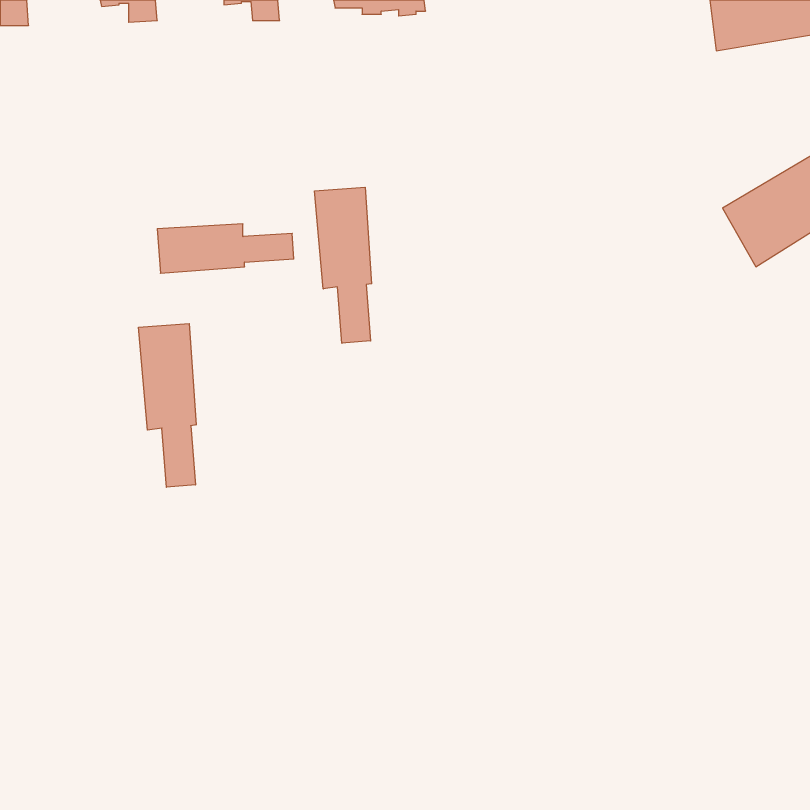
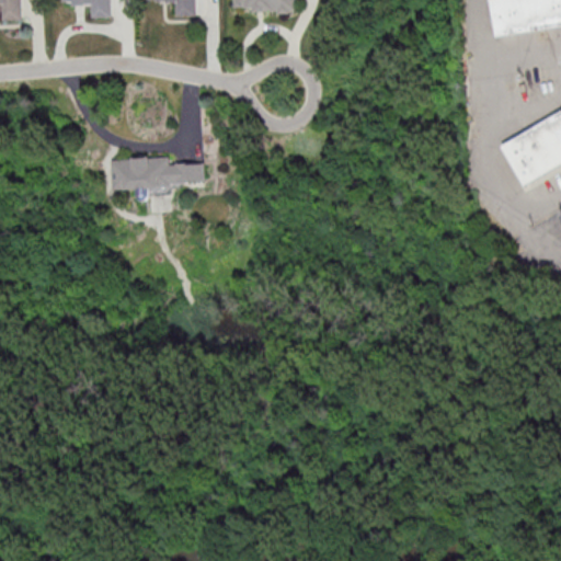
building: [315,187,372,343] -> none
building: [139,324,196,487] -> none

